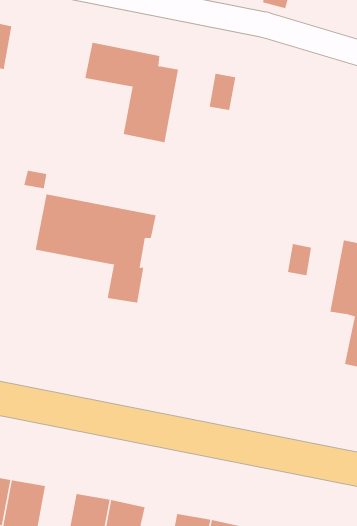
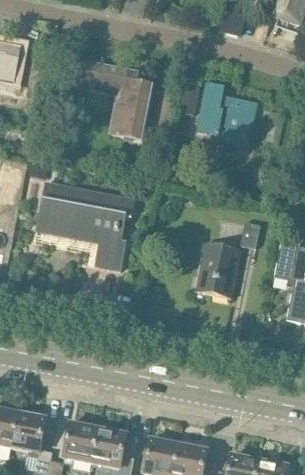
building: none -> [196,83,257,147]
building: none -> [188,242,240,298]

